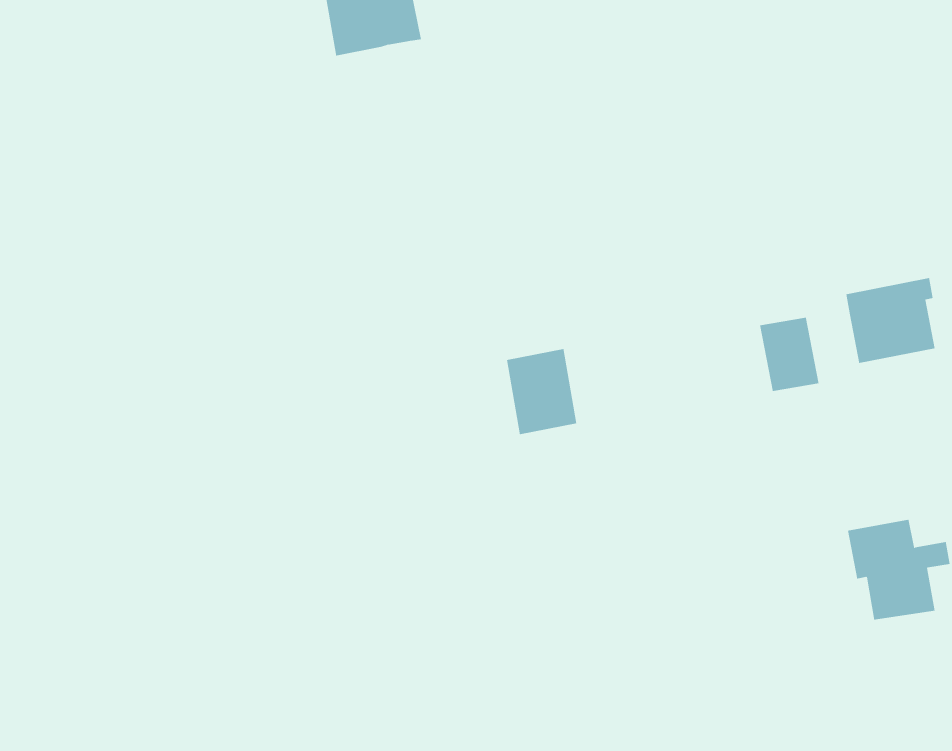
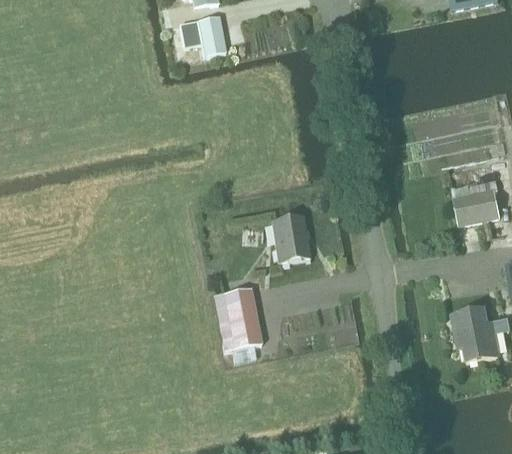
building: [759,317,819,392] -> none
building: none -> [213,287,262,349]

